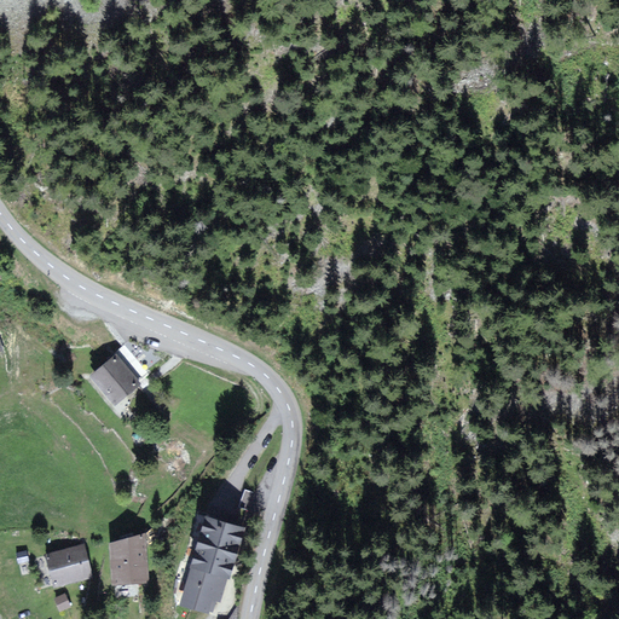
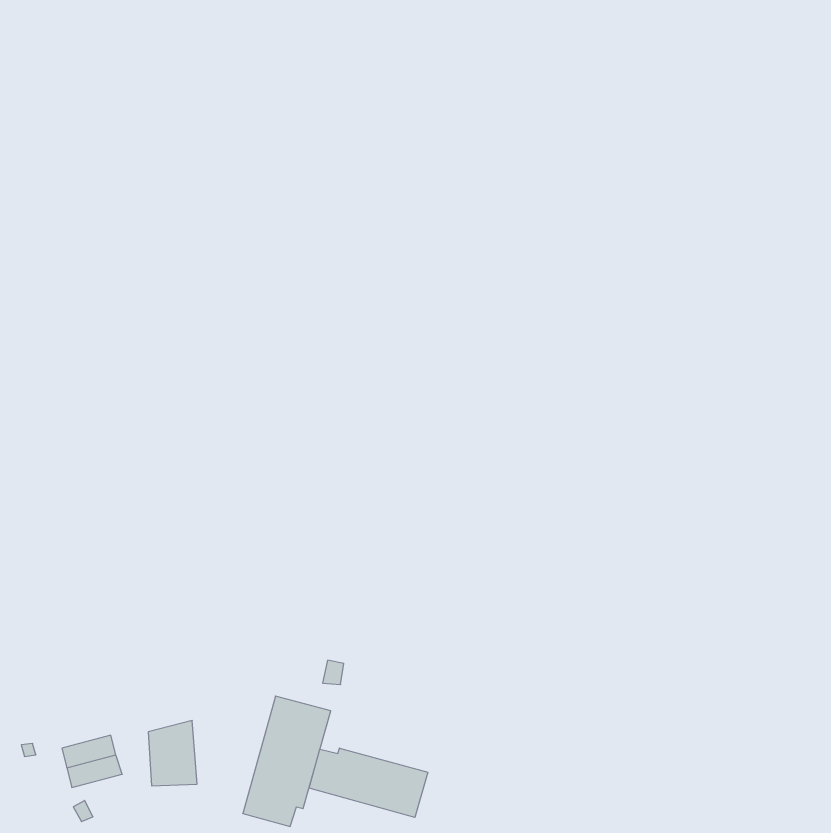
building: [89,354,137,405] -> none
building: none -> [309,748,428,817]

